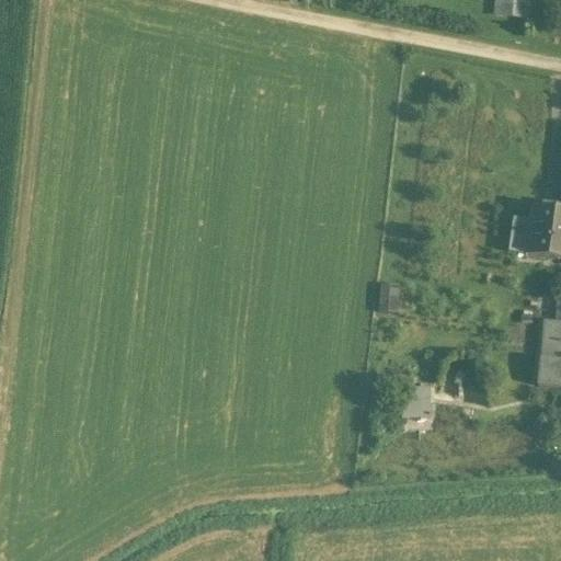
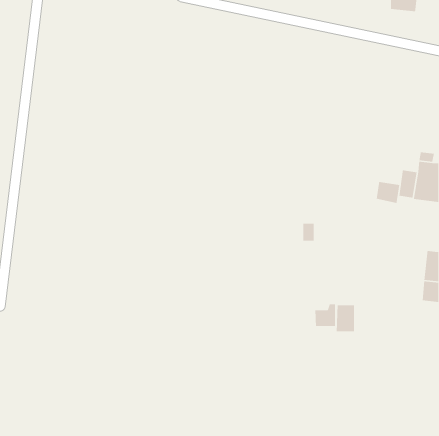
building: none -> [376,181,400,204]
building: none -> [336,305,355,332]

